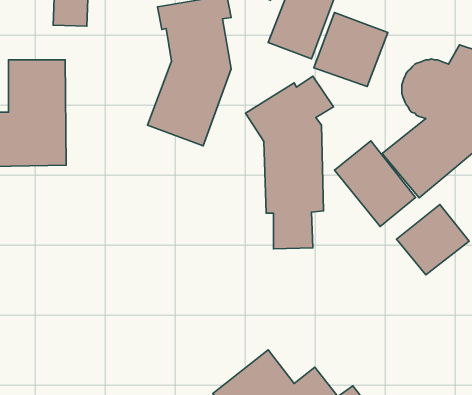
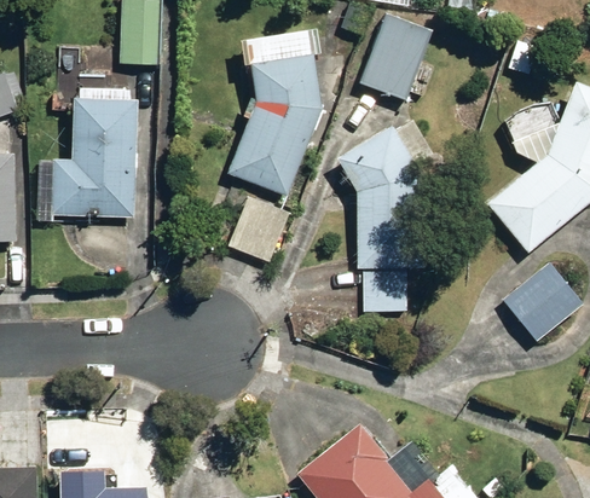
building: [314,12,388,87] -> none
building: [334,141,416,226] -> none
building: none -> [229,195,290,260]

